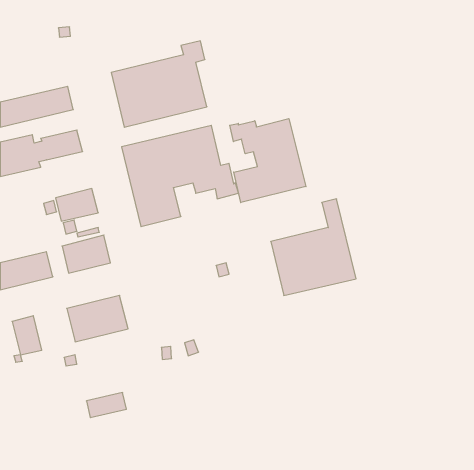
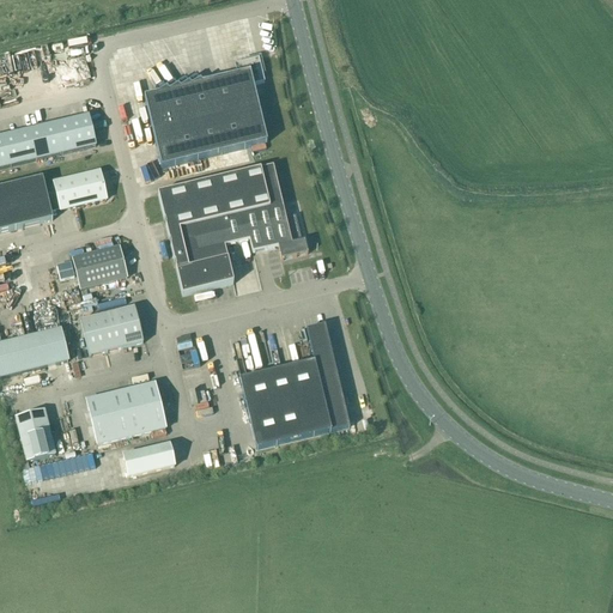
building: [230,119,306,203] -> none
building: [271,199,356,295] -> [239,321,350,445]
building: [86,393,126,418] -> [122,441,174,473]

